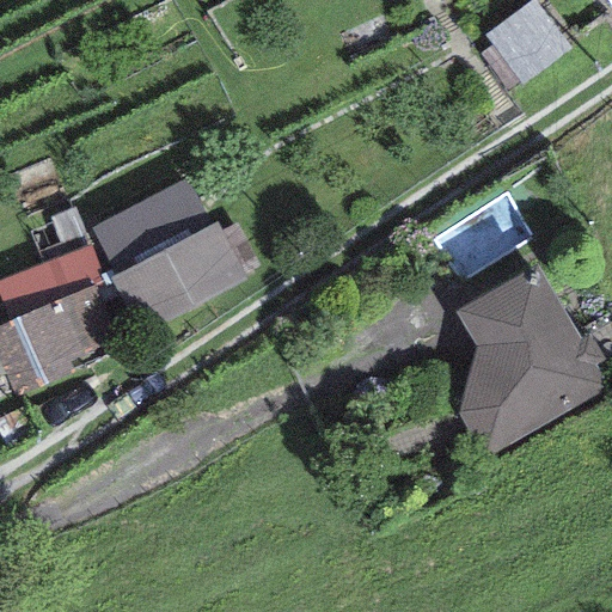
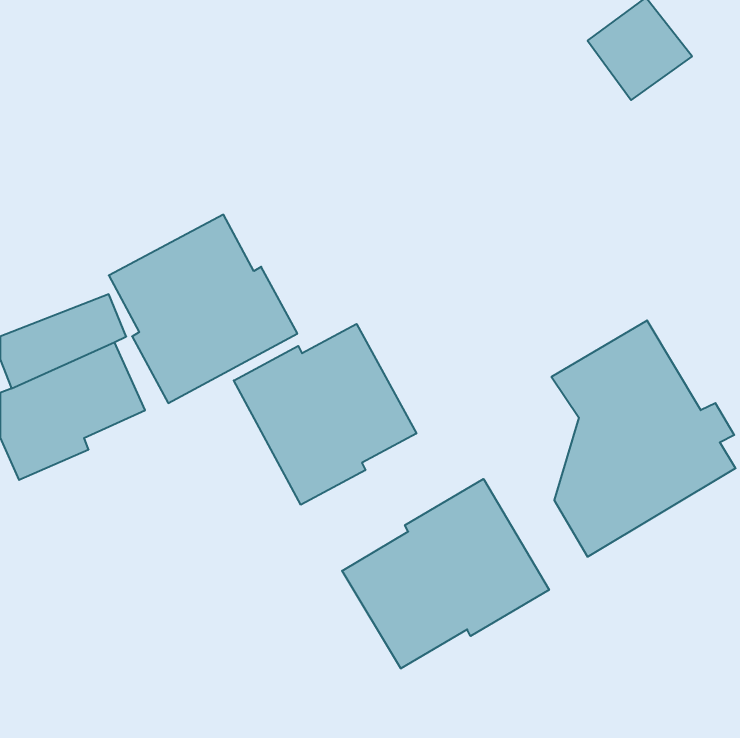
building: none -> [234,324,416,505]
building: none -> [342,479,549,669]

